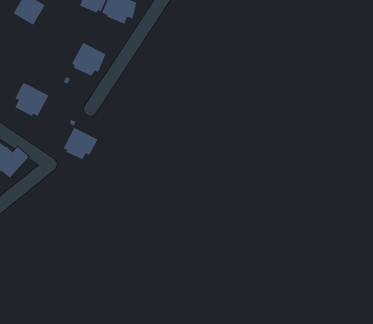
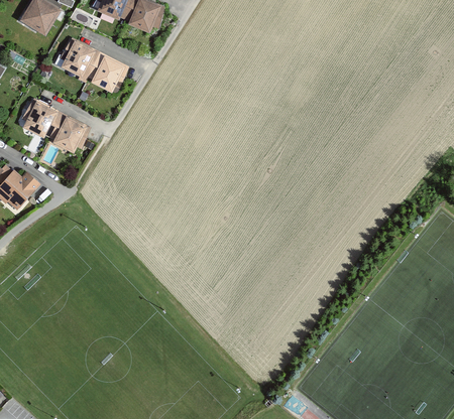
building: none -> [60,38,101,84]
building: [63,127,99,160] -> [49,114,91,152]

